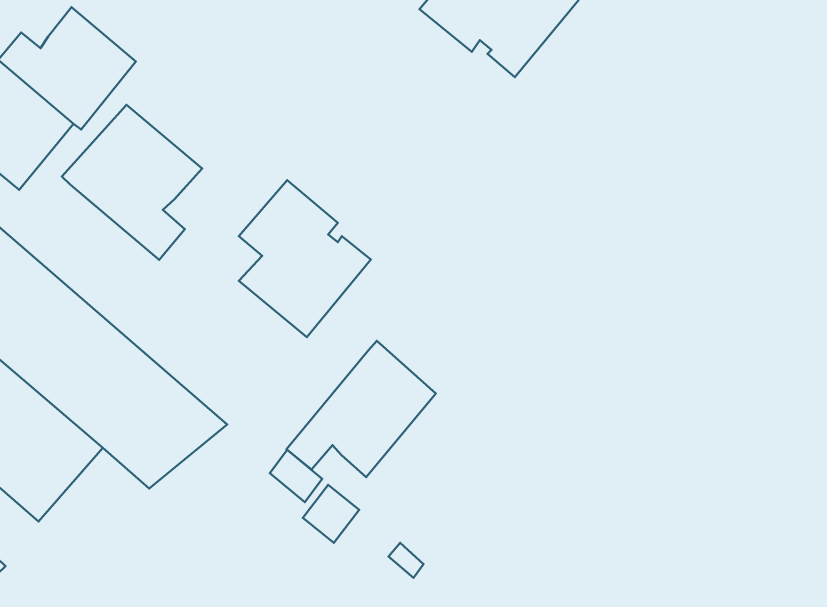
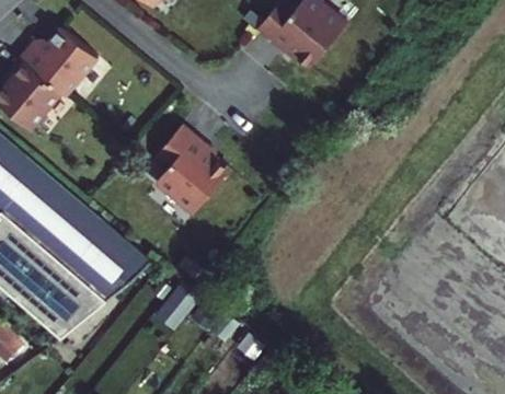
building: [62,105,202,260] -> none
building: [286,341,436,477] -> none
building: none -> [42,276,104,336]

